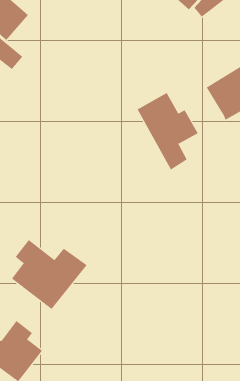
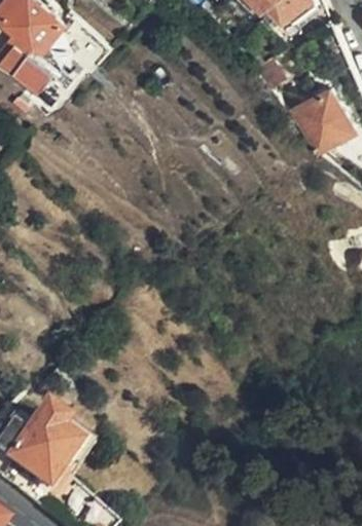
building: [137,92,198,171] -> none
building: [11,239,88,310] -> none

